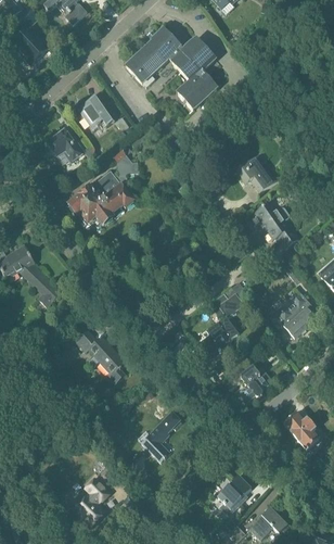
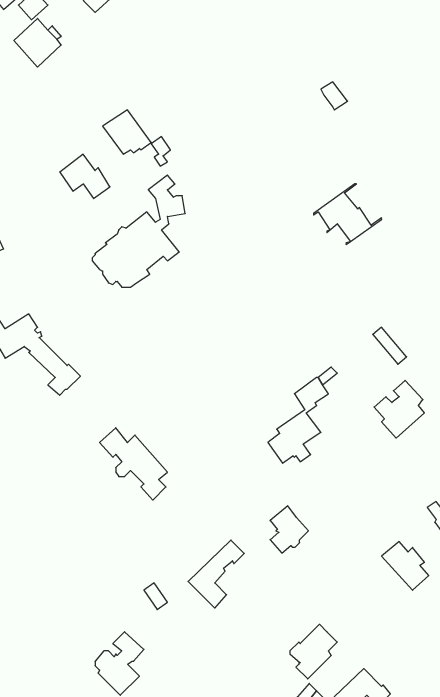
building: [126,28,217,109] -> none
building: [255,200,298,245] -> none
building: [240,365,268,400] -> [270,506,308,553]

